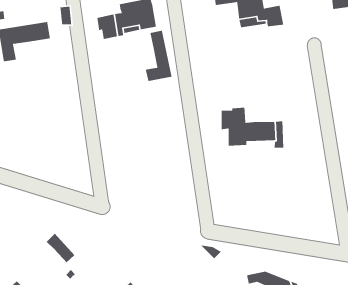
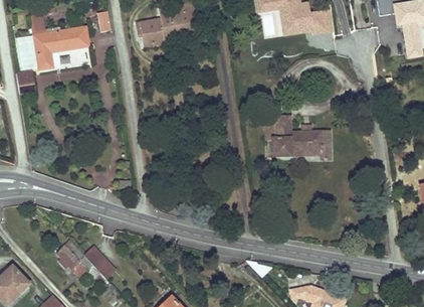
building: [145,30,173,82] -> none
building: none -> [56,241,92,277]

